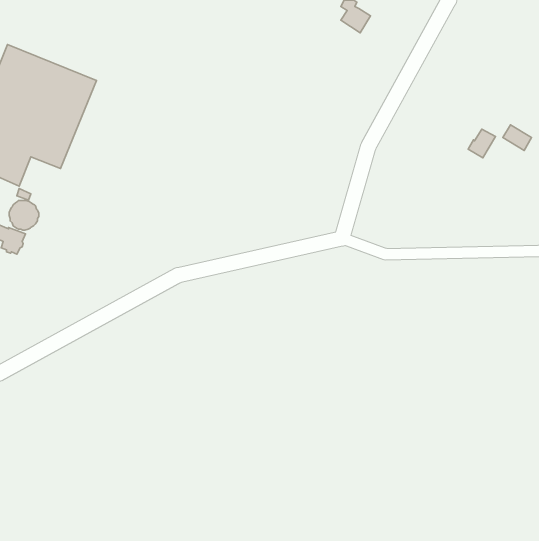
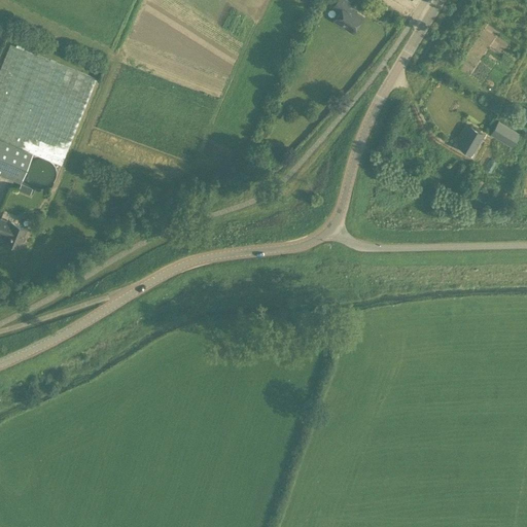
building: [9,201,39,230] -> [25,159,54,187]

